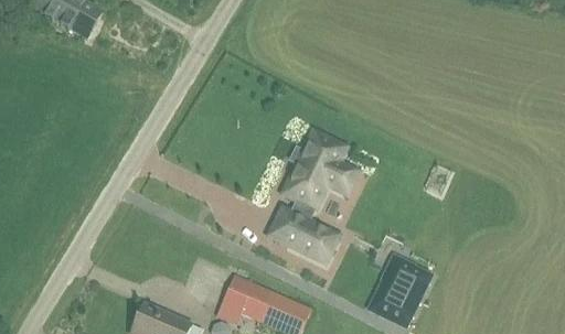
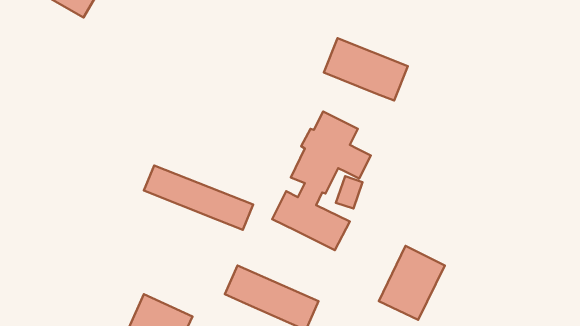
building: none -> [324,38,408,100]
building: none -> [144,165,253,230]

